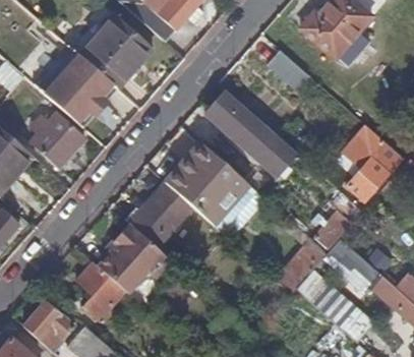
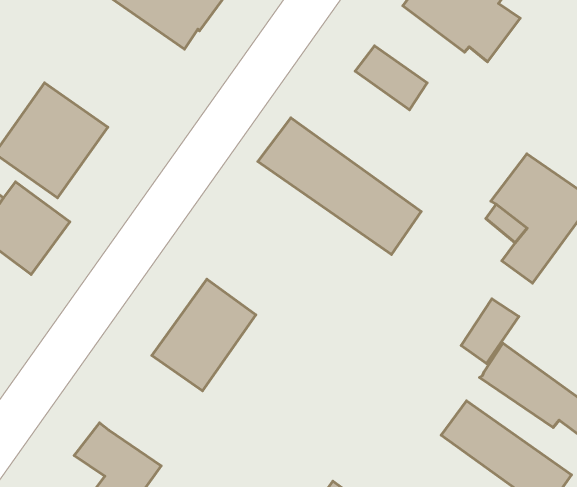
building: [78,13,153,90] -> none
building: [165,141,249,226] -> none
building: [97,225,170,295] -> none
building: [275,240,326,294] -> none

